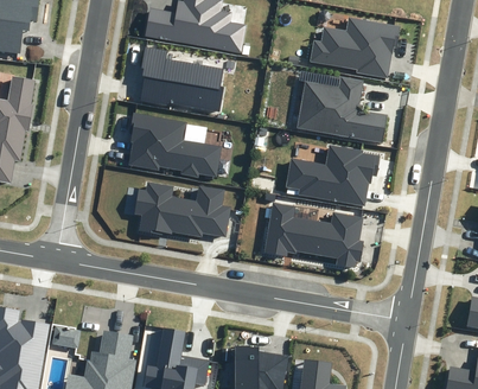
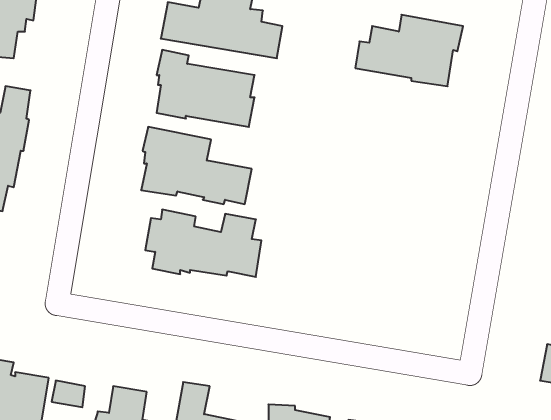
building: [297,77,385,142] -> none
building: [285,144,378,206] -> none
building: [263,202,364,268] -> none

